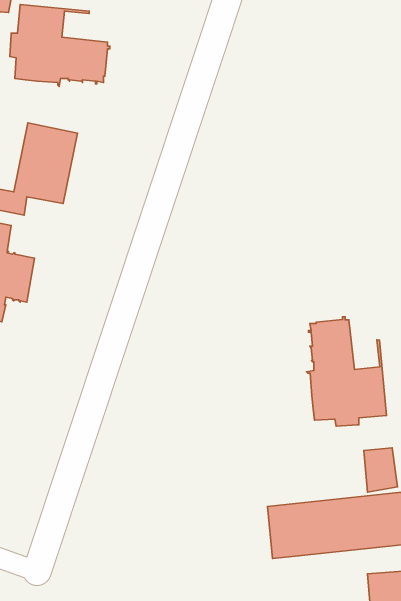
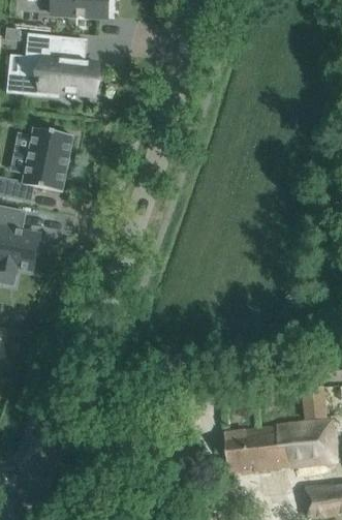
building: [306,317,387,426] -> none

